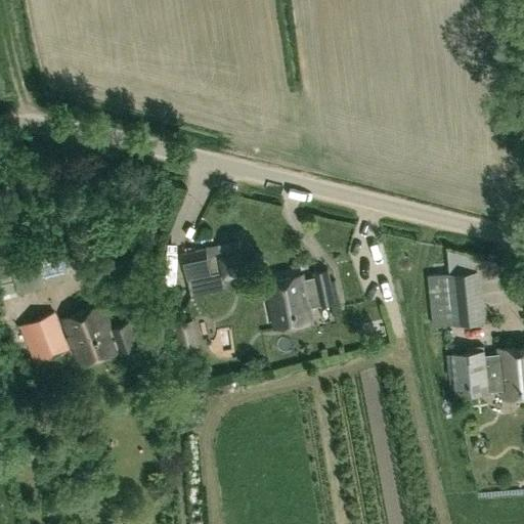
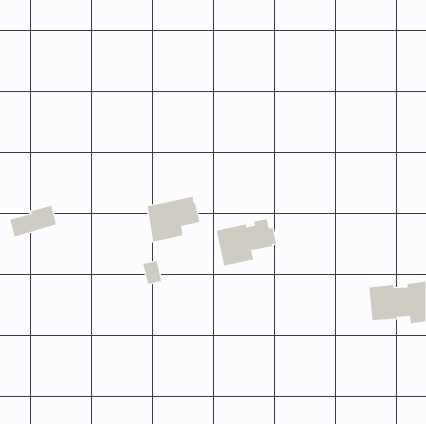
building: [427,273,481,329] -> none
building: [63,307,139,367] -> none
building: [20,314,69,366] -> none

